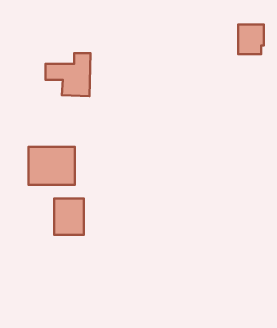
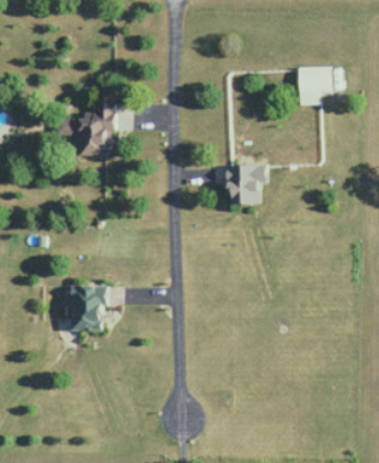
building: none -> [228,164,266,204]
building: [28,147,75,185] -> none

